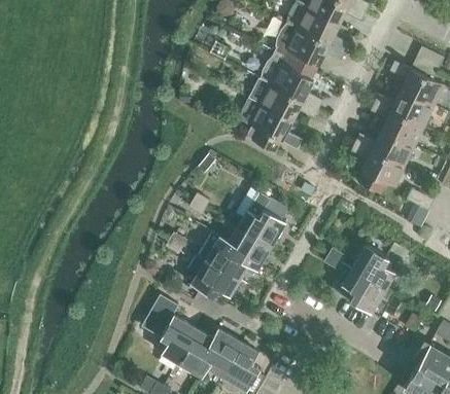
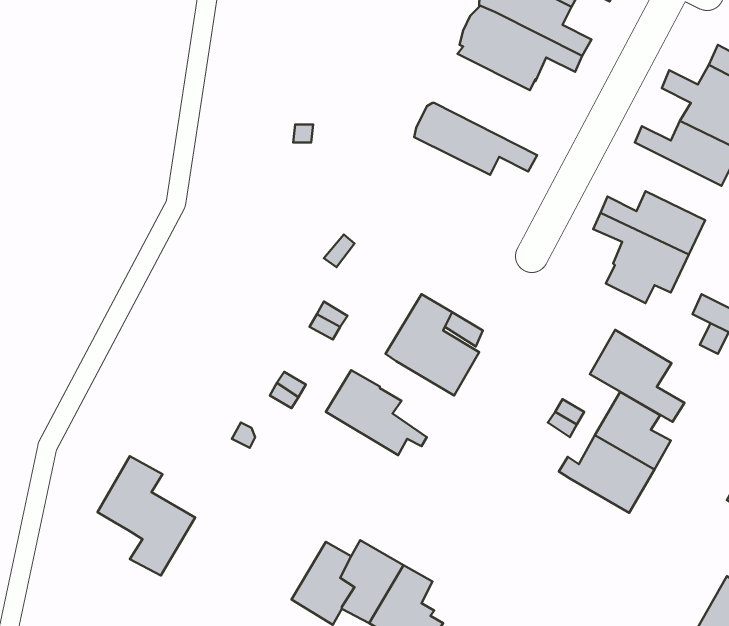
building: [259,51,322,109] -> none
building: [237,98,302,152] -> none
building: [370,102,423,146] -> none
building: none -> [590,330,684,422]
building: [229,226,271,270] -> none
building: [187,254,239,297] -> none
building: [142,294,198,362] -> [97,456,195,575]

